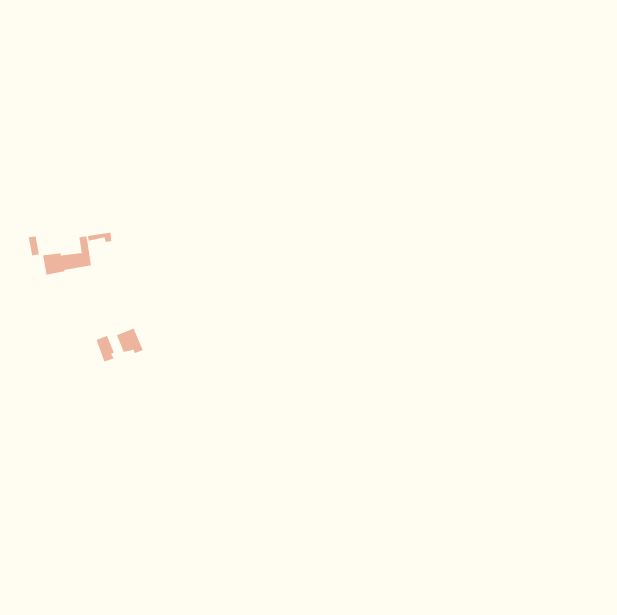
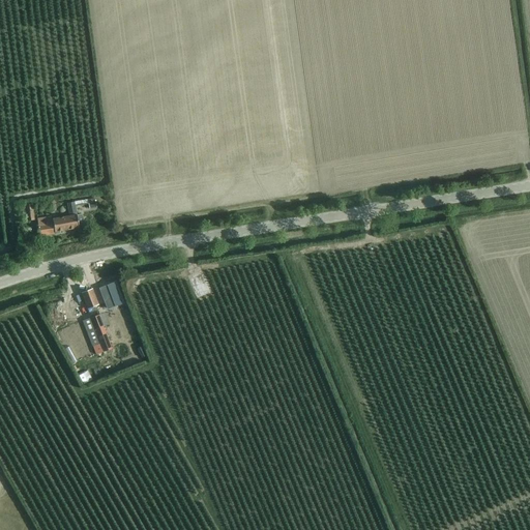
building: none -> [83,313,112,353]

